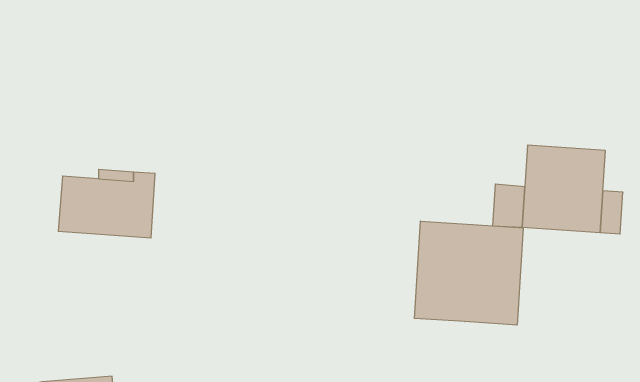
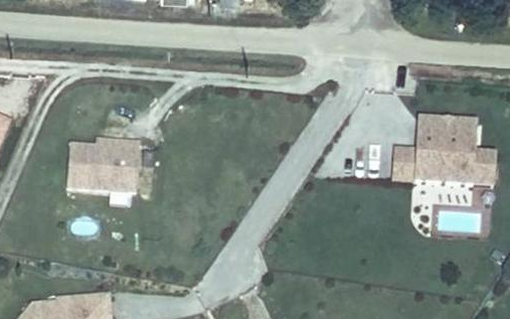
building: [414,221,523,325] -> none

